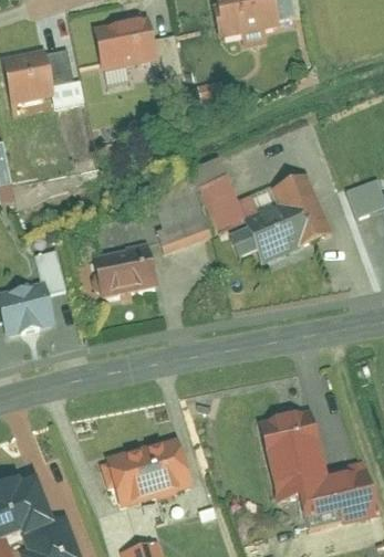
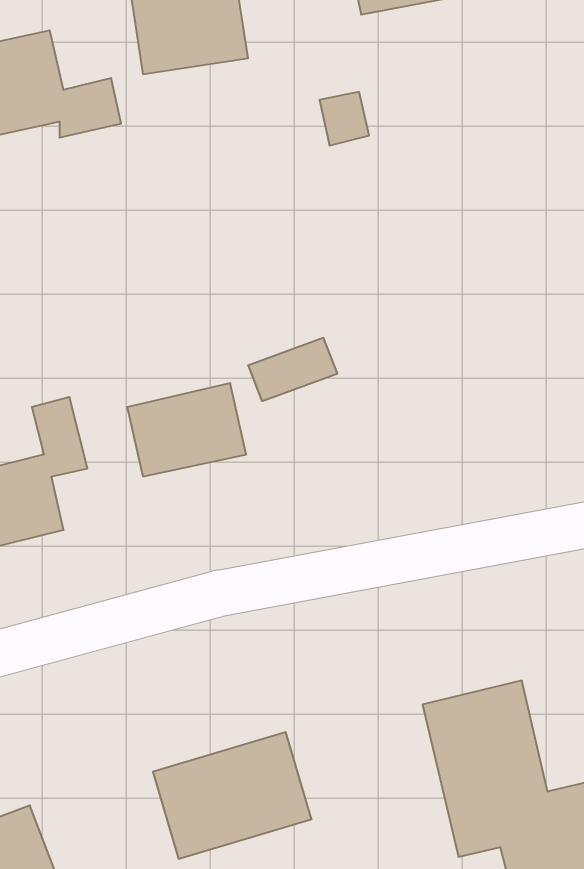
building: [198,172,334,264] -> none

